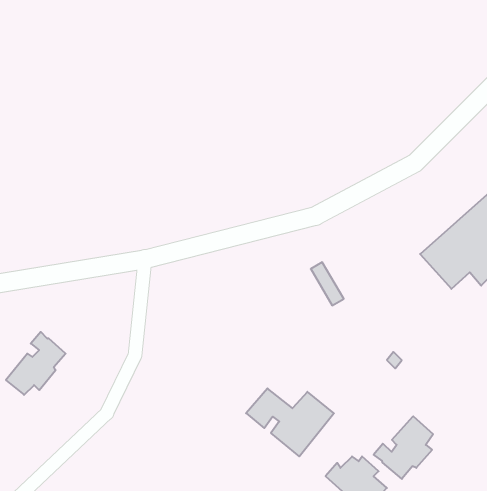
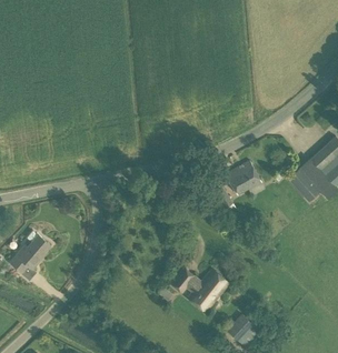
building: none -> [225,161,260,195]
building: [374,416,433,479] -> none

